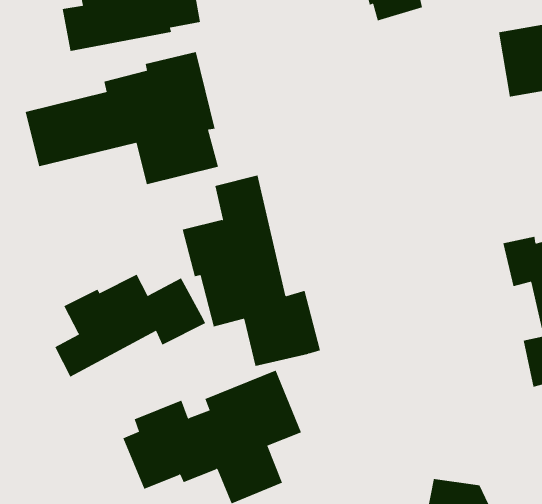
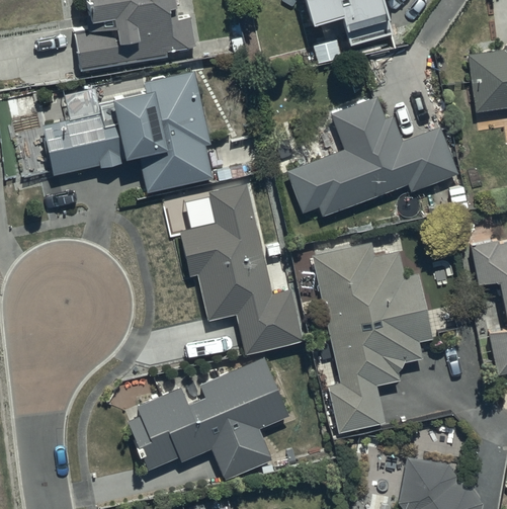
building: none -> [285,94,455,217]
building: none -> [313,239,435,433]
building: [54,274,206,378] -> none

